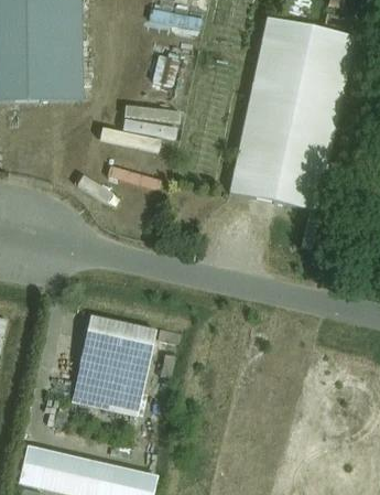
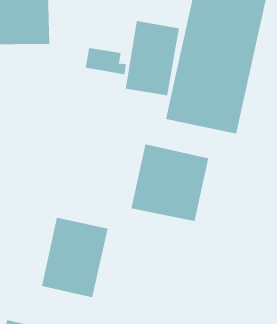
building: none -> [125,20,180,96]
building: none -> [131,144,209,222]

